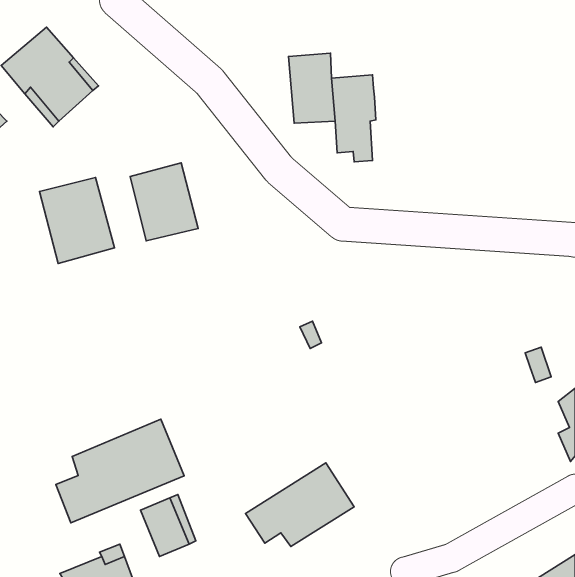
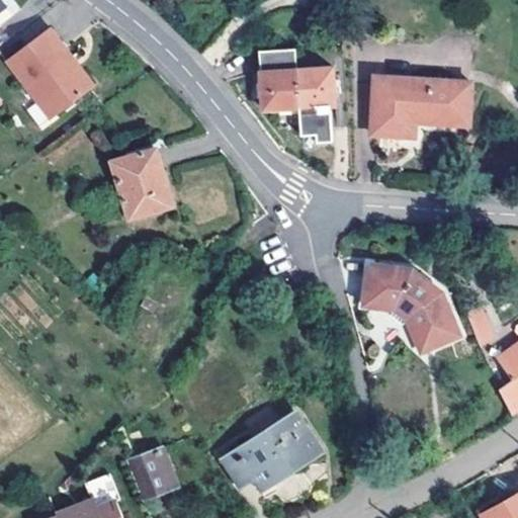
building: none -> [372,77,471,139]
building: [40,178,115,264] -> none
building: none -> [365,266,459,346]
building: [56,419,184,523] -> none

